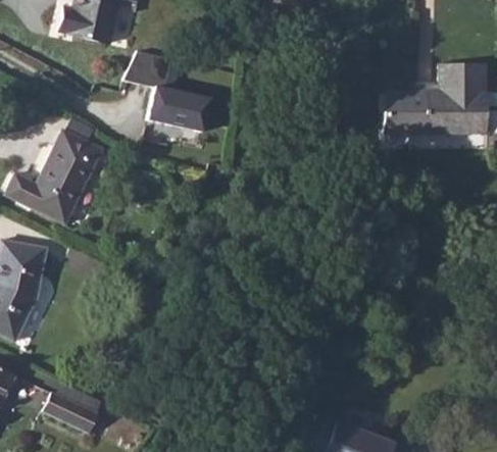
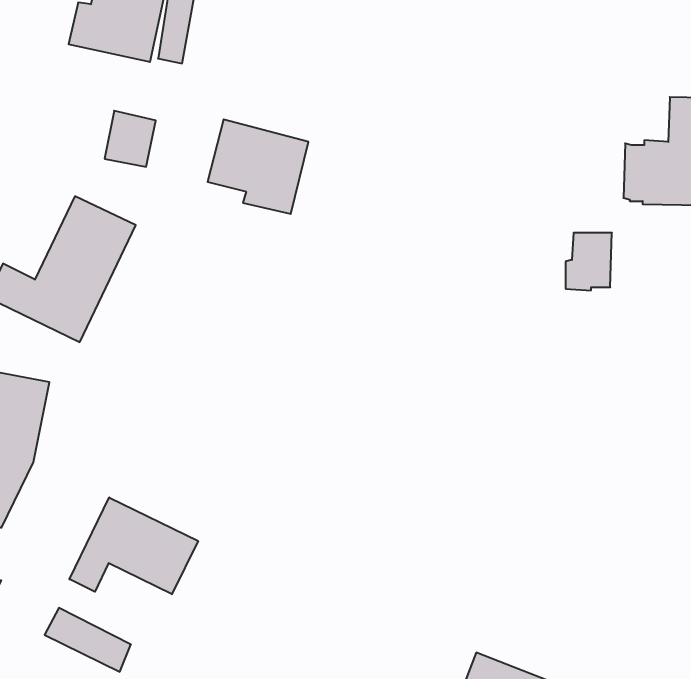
building: [131,48,163,84] -> [105,111,156,167]
building: [384,96,413,133] -> [566,233,612,290]
building: none -> [69,497,198,594]

